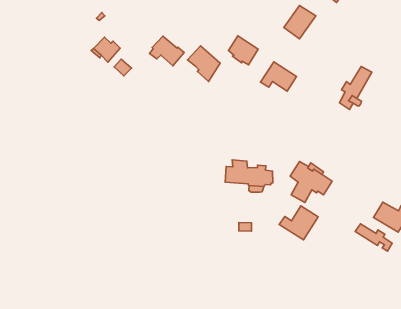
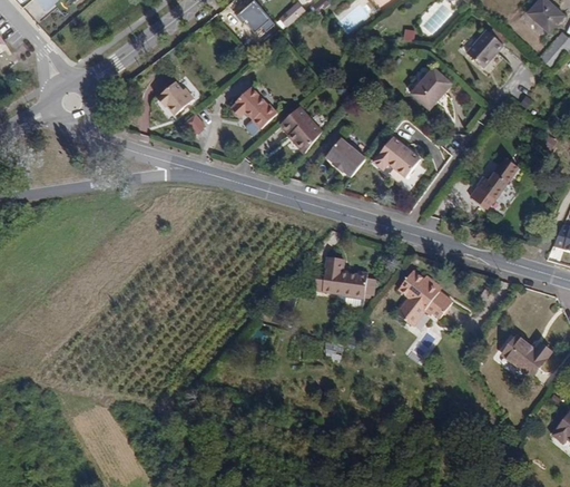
building: [228,36,258,65] -> [325,138,364,177]
building: [279,206,318,240] -> none
building: [355,224,392,251] -> none

